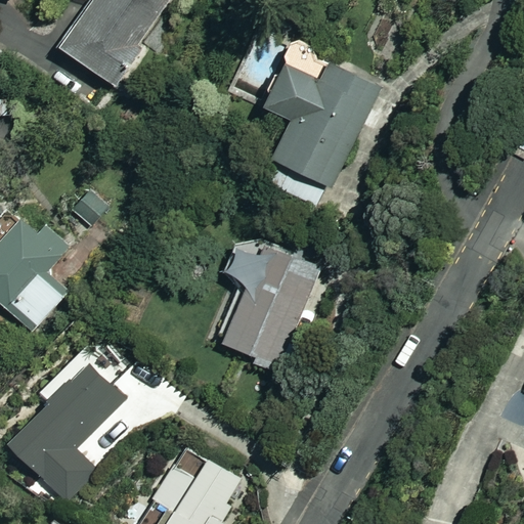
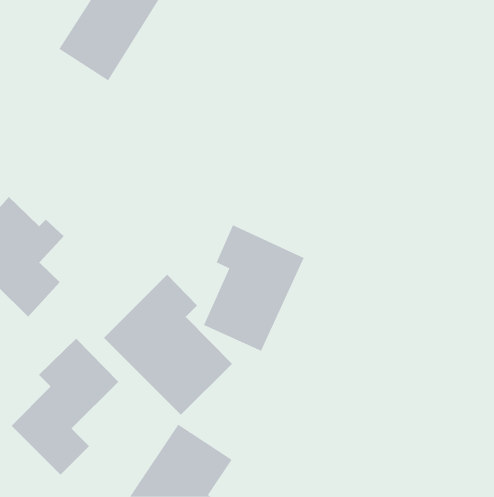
building: [270,66,379,189] -> none
building: none -> [103,274,233,415]

